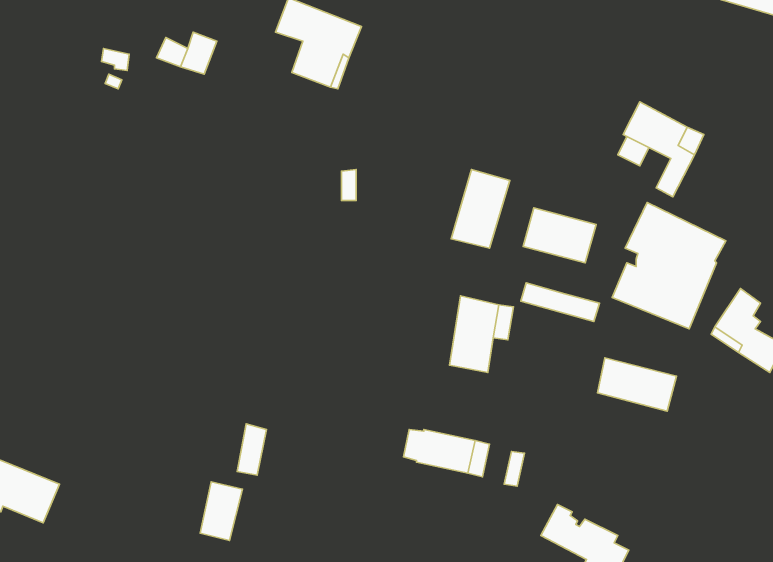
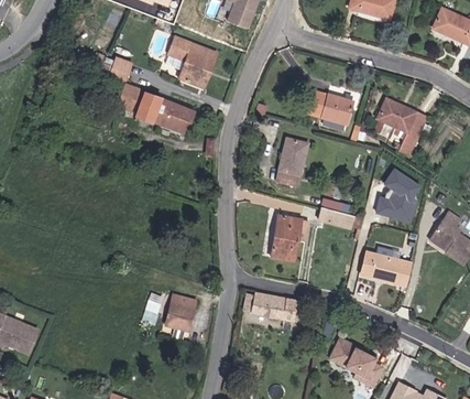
building: none -> [125,90,201,134]
building: [523,208,596,263] -> [310,93,354,126]
building: [200,482,242,540] -> [171,296,196,332]

